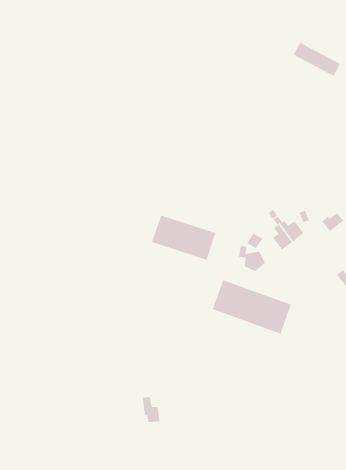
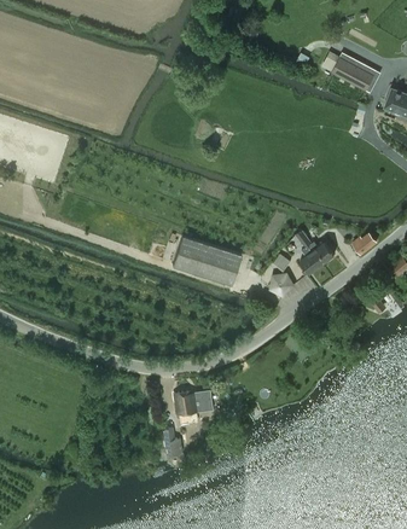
building: [212,279,291,334] -> none
building: none -> [174,390,200,425]

